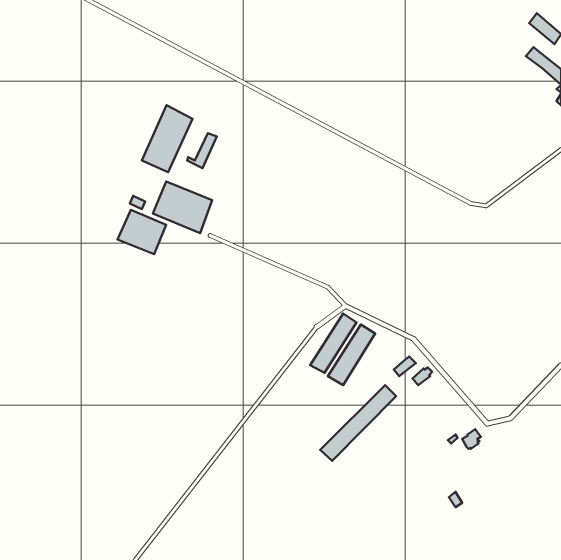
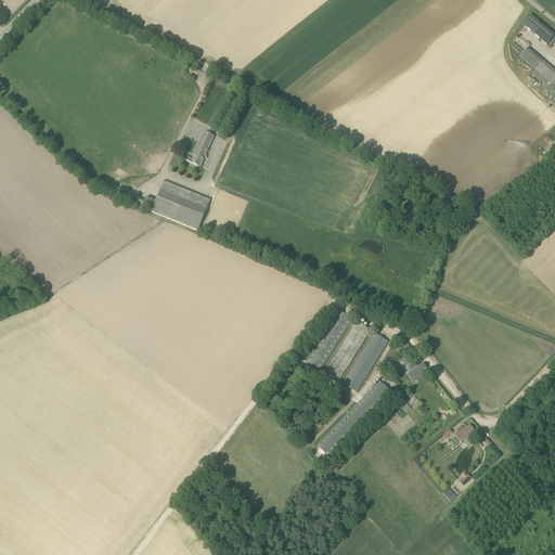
building: [142,105,193,172] -> none
building: [118,210,166,254] -> none
building: none -> [341,331,387,390]

